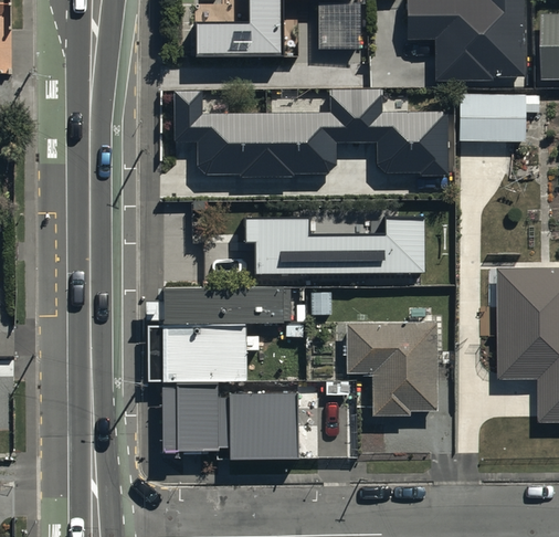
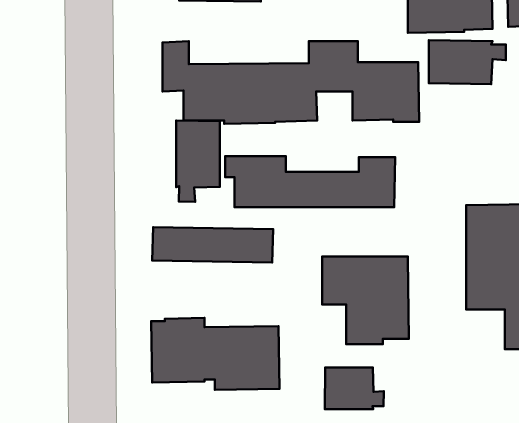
building: none -> [176,121,220,202]
building: [164,327,249,385] -> none
building: none -> [325,367,384,409]

